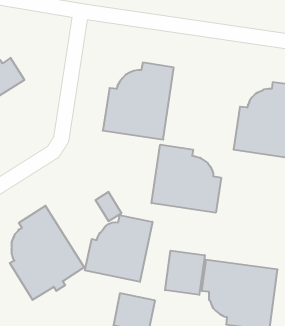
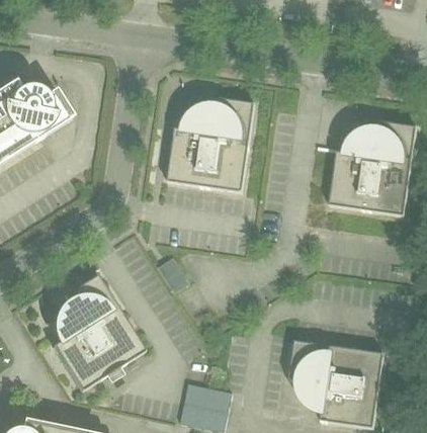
building: [152,145,221,213] -> none
building: [85,215,152,282] -> none
building: [165,251,205,295] -> none

